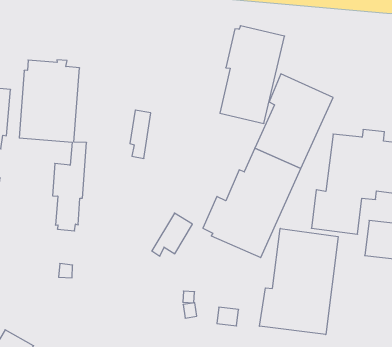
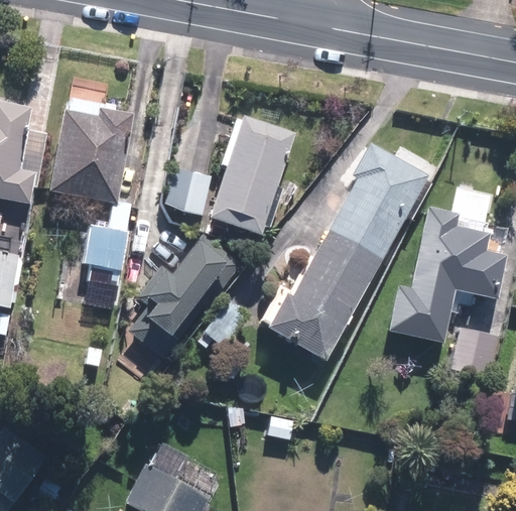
building: [220,26,285,123] -> [211,116,296,235]
building: none -> [128,232,240,358]
building: [259,228,338,335] -> none

